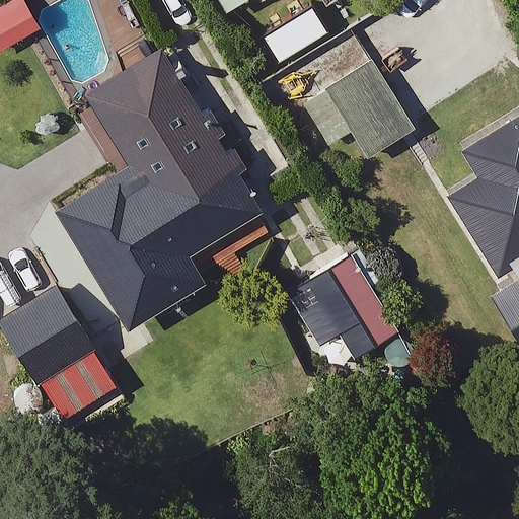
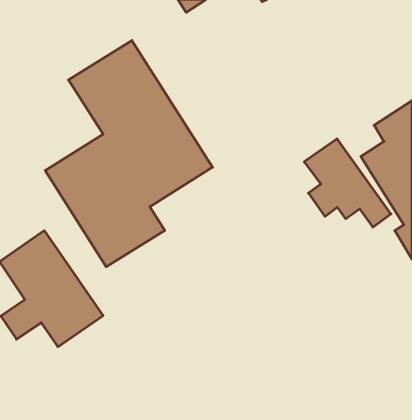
building: [296,52,410,155] -> none
building: [307,257,414,366] -> [304,139,391,227]

